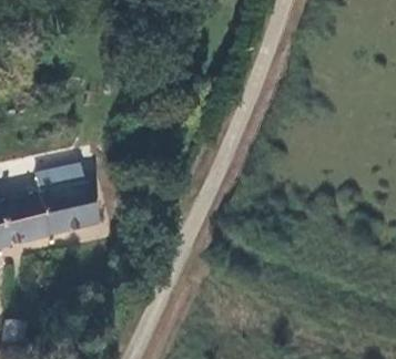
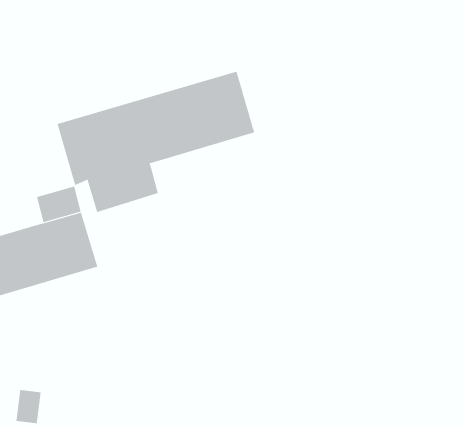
building: none -> [57,71,255,213]

